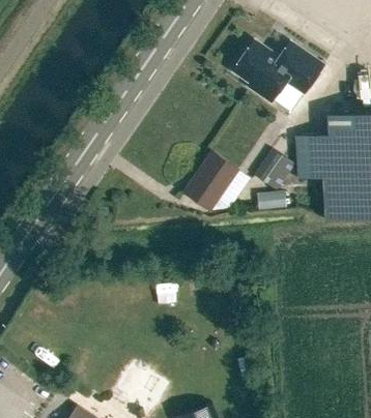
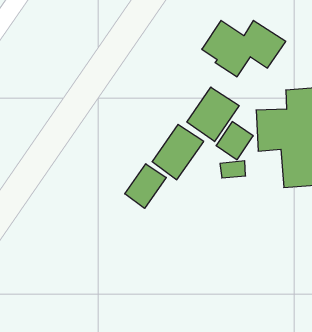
building: none -> [187,87,239,142]
building: none -> [125,164,166,208]

